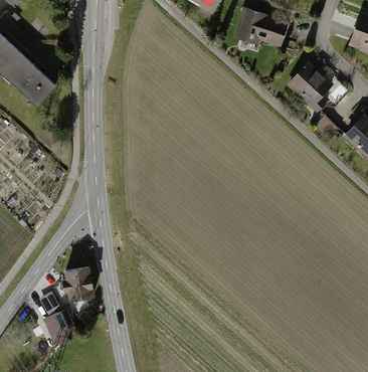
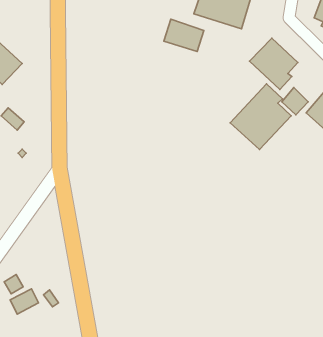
building: none -> [164,19,204,52]
building: none -> [230,84,291,149]
building: [65,267,98,302] -> none

